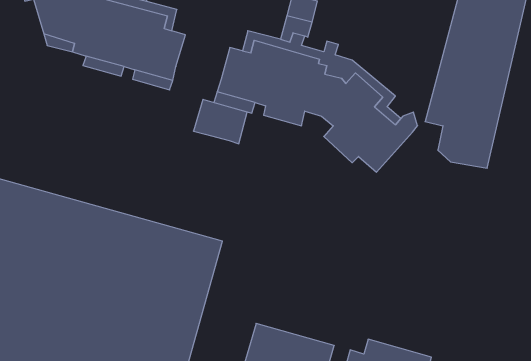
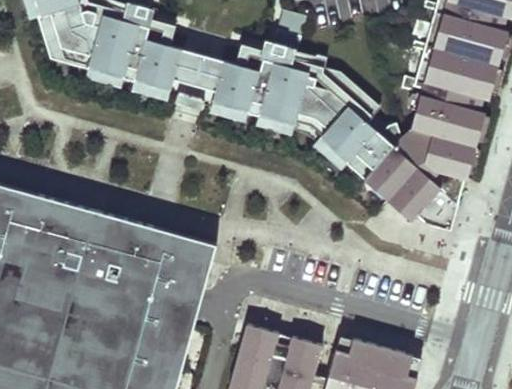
building: [193,99,247,144] -> [172,50,223,92]
building: none -> [362,142,460,235]

